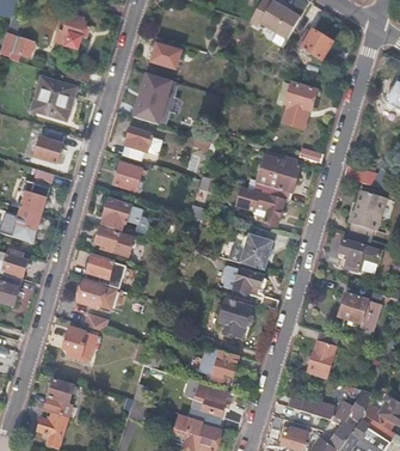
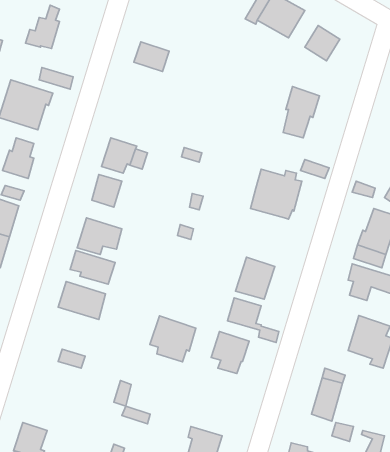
building: [133,72,178,127] -> none
building: [236,185,283,226] -> none
building: [76,280,116,309] -> none
building: [62,327,96,360] -> none
building: [198,345,239,385] -> [150,316,196,362]

